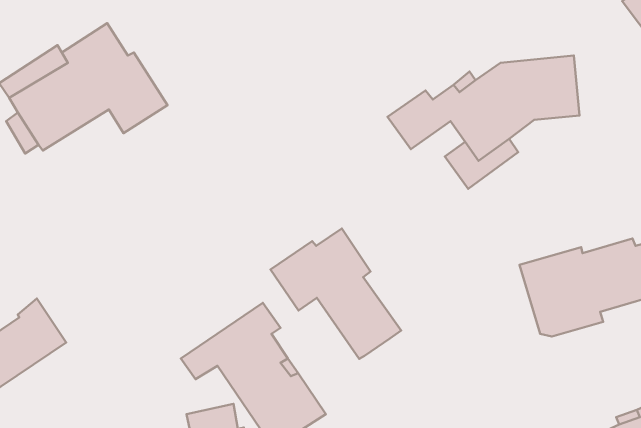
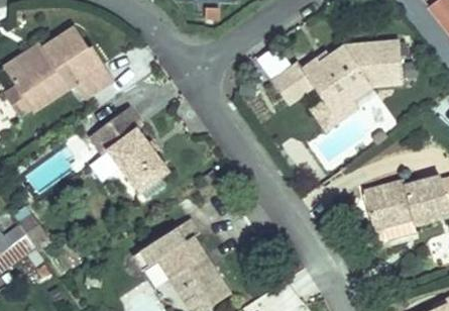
building: none -> [86,105,169,195]
building: [271,229,401,359] -> none

